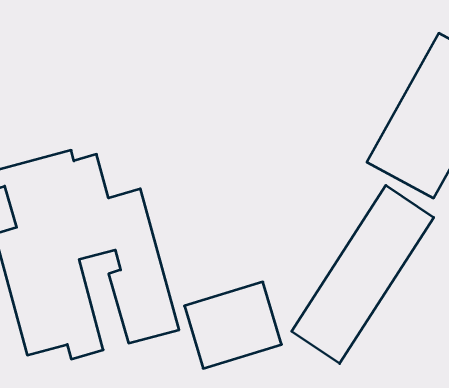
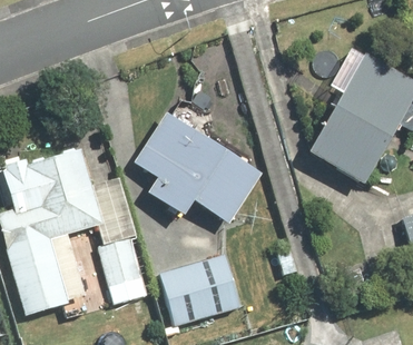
building: none -> [132,112,262,226]
building: [292,185,434,364] -> none

